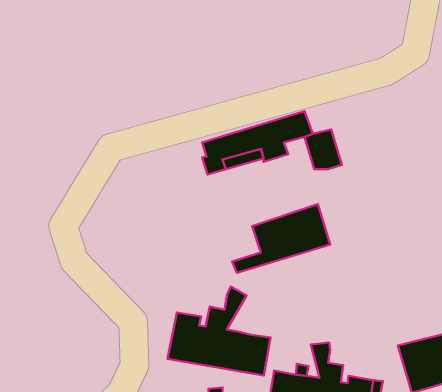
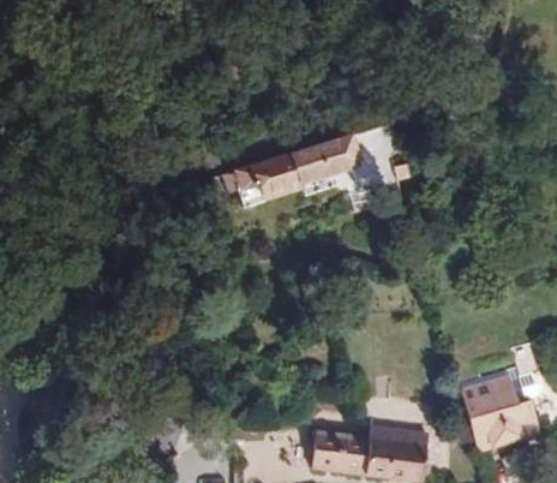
building: [232,204,330,273] -> none
building: [167,287,271,375] -> none

